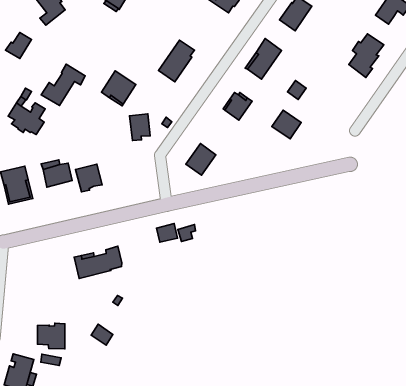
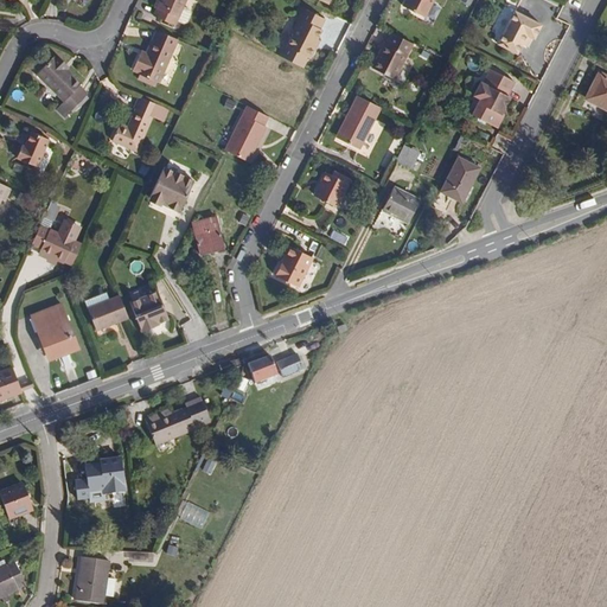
building: [41,64,85,105] -> [111,96,166,152]
building: none -> [441,156,480,203]
building: [38,323,65,349] -> [85,459,126,494]

